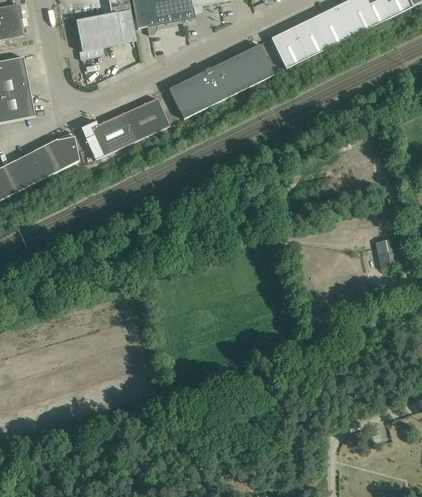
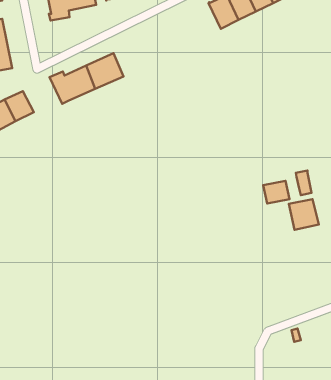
building: [169,44,274,119] -> none
building: [48,132,79,169] -> none
building: none -> [263,181,289,204]
building: none -> [289,199,319,230]

